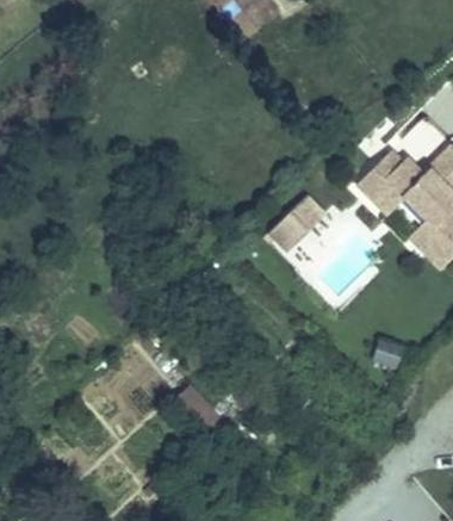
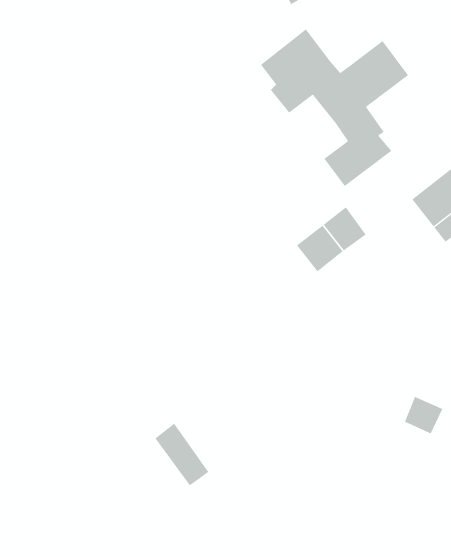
building: none -> [260,29,409,187]

